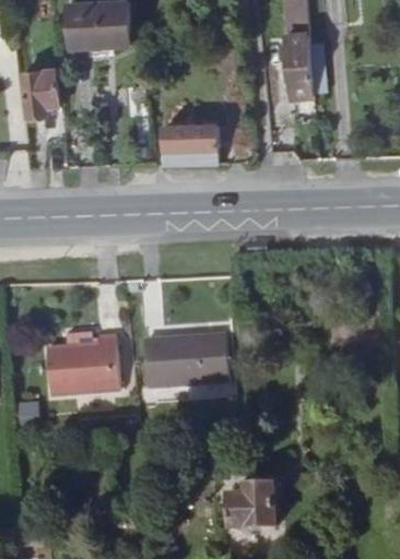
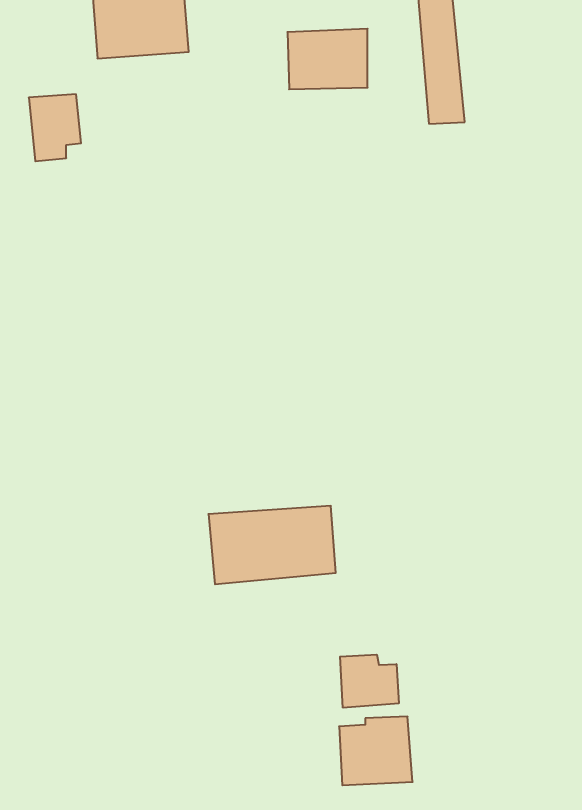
building: [166,119,220,159] -> [287,29,368,89]
building: [45,342,120,401] -> none
building: none -> [340,655,399,708]

